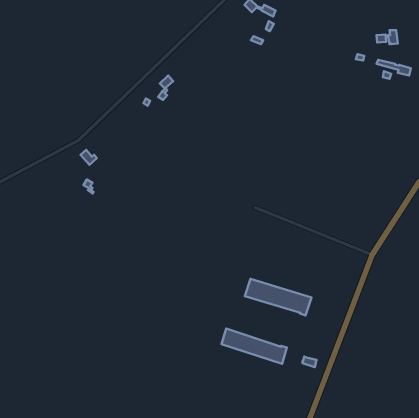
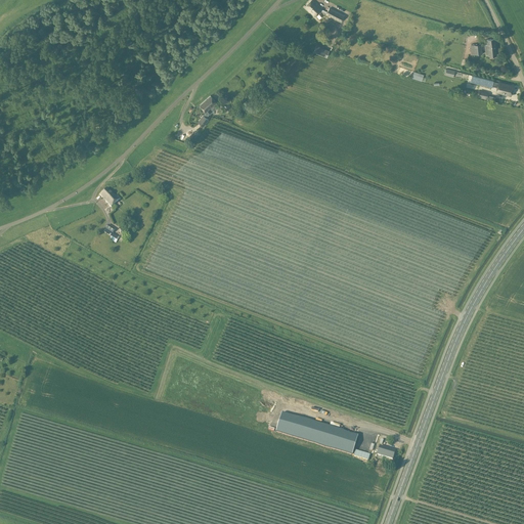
building: [245,279,311,316] -> none

